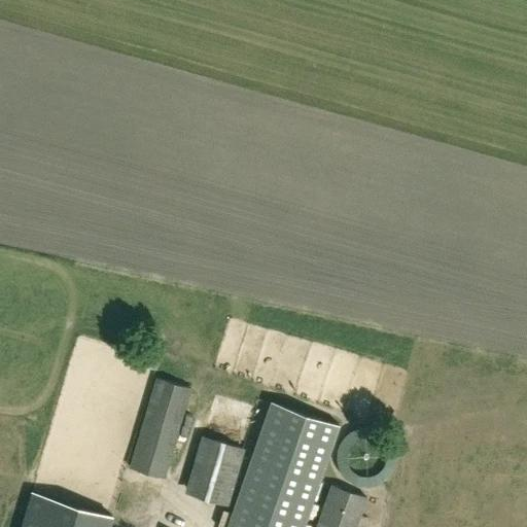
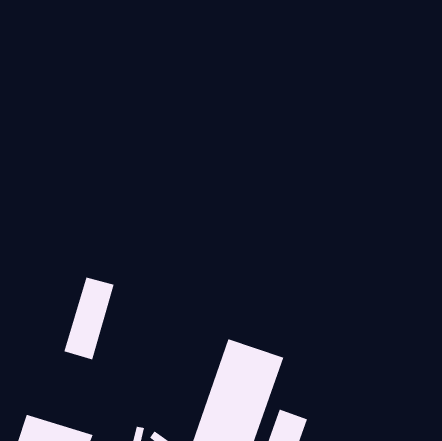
building: [130,381,190,480] -> [63,277,115,360]
building: [184,438,244,507] -> none

